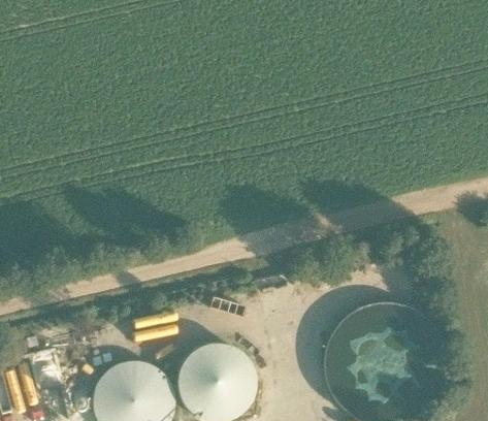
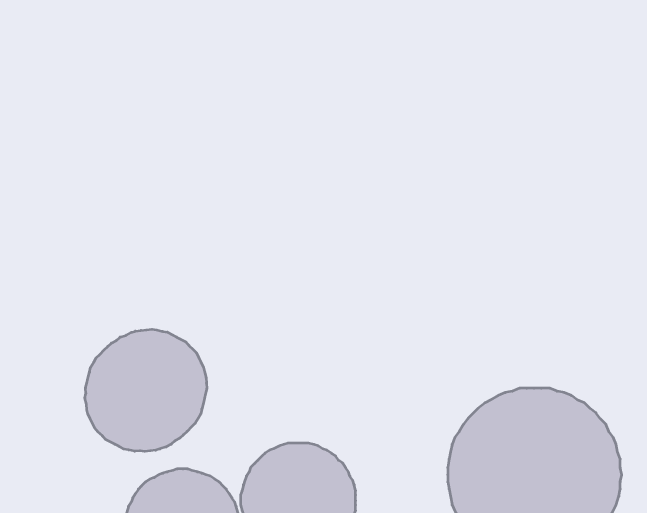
building: none -> [85,329,207,451]

